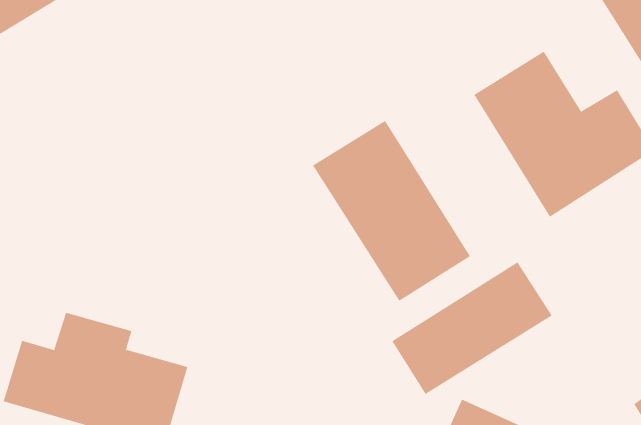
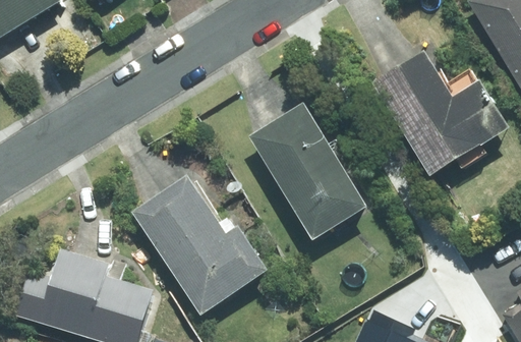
building: none -> [131,174,271,316]
building: [392,261,552,395] -> none

